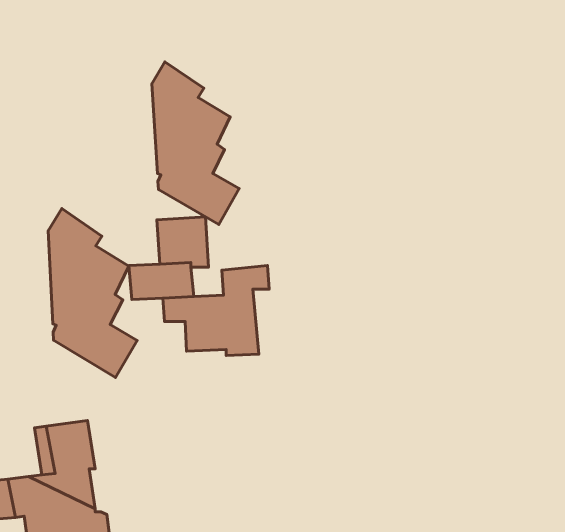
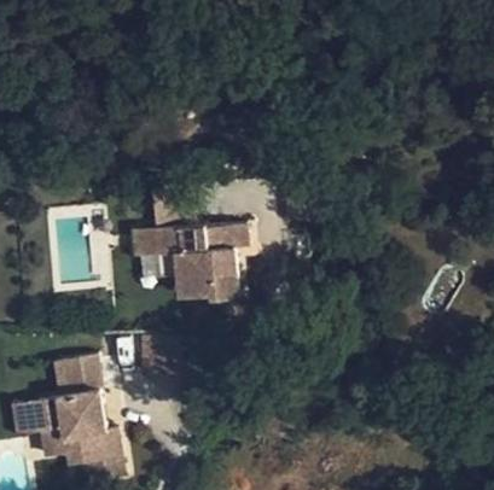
building: [152,62,239,225] -> none
building: [48,209,137,378] -> none

